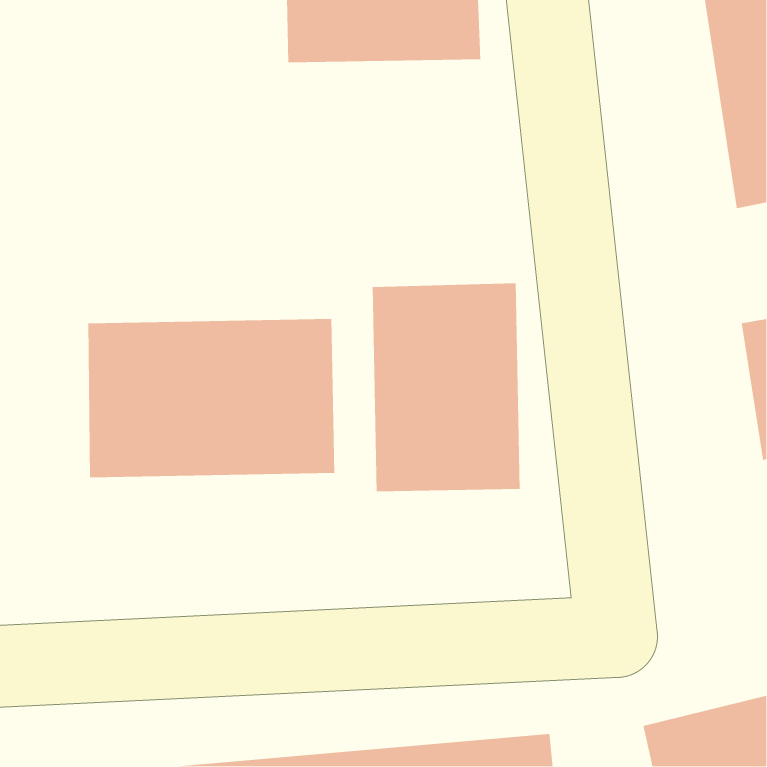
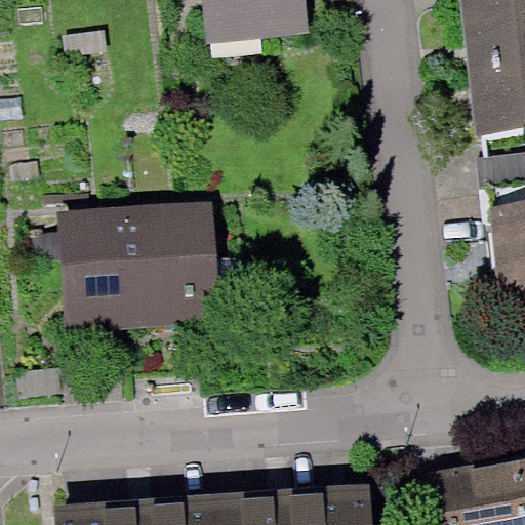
building: [372,283,521,492] -> none

